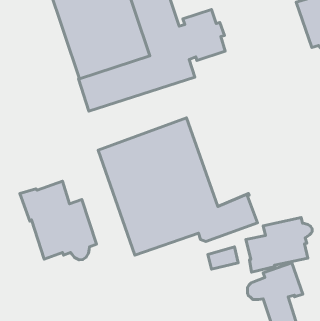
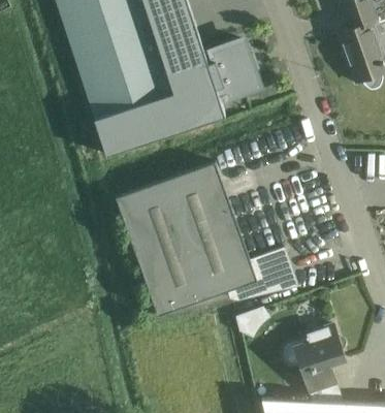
building: [20,181,97,260] -> none
building: [246,218,312,272] -> none

